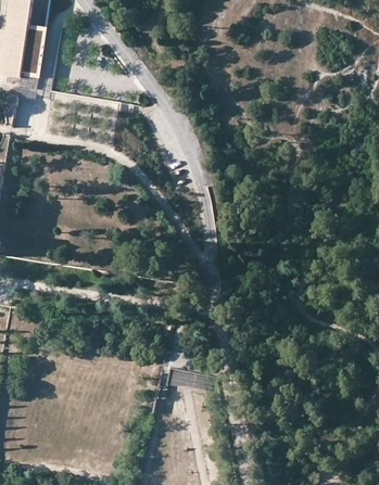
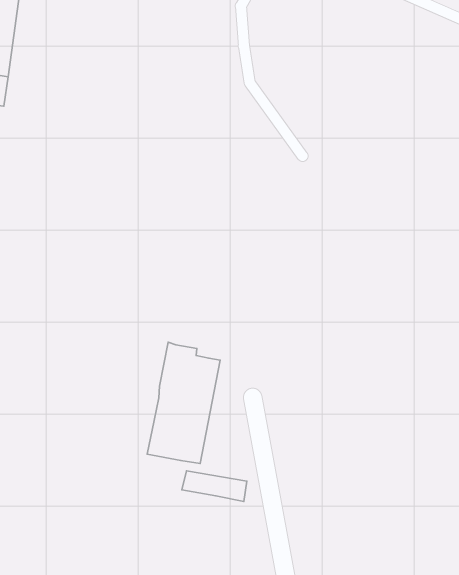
building: none -> [147,342,220,464]

